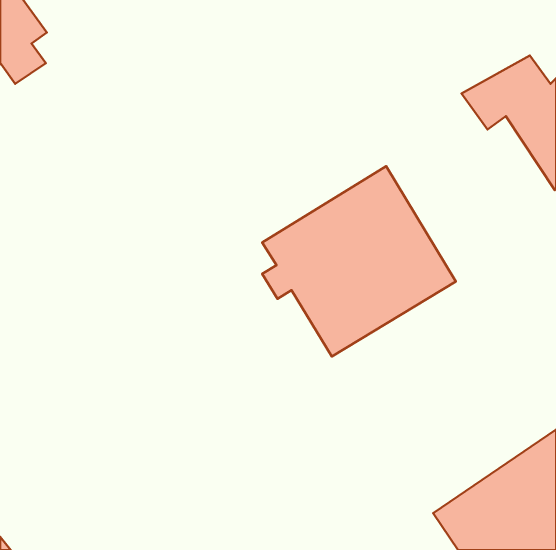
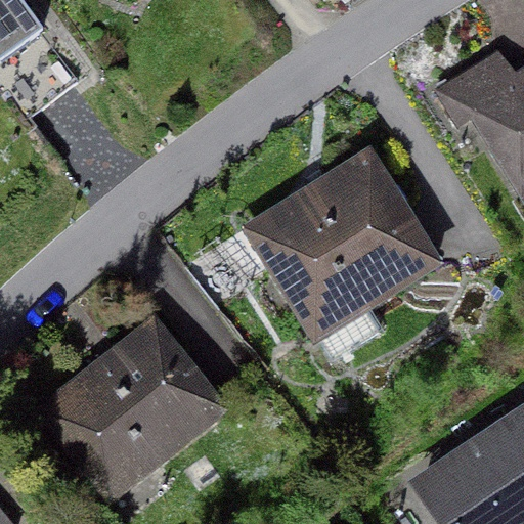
building: none -> [33,313,230,505]

